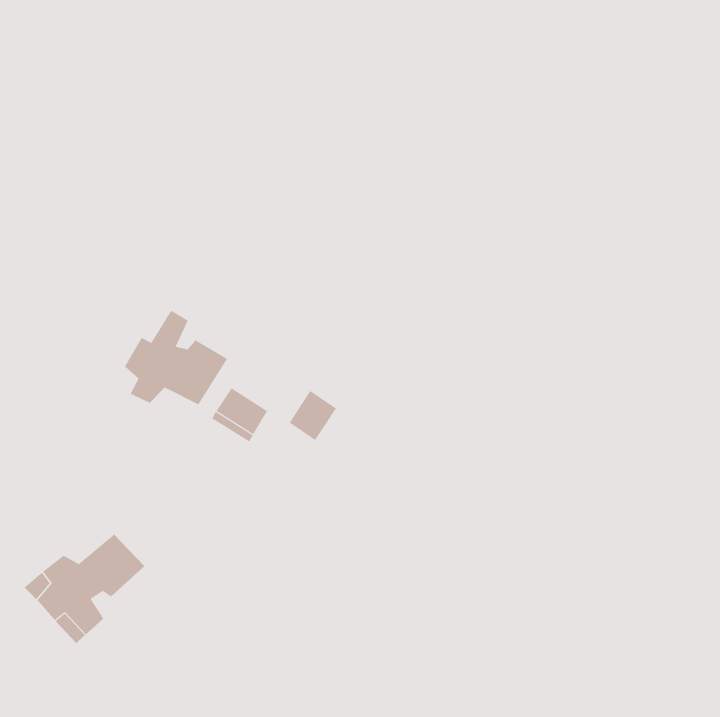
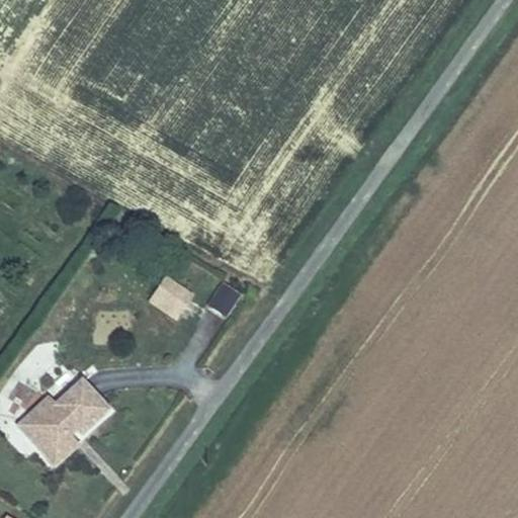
building: [124,310,228,405] -> none

